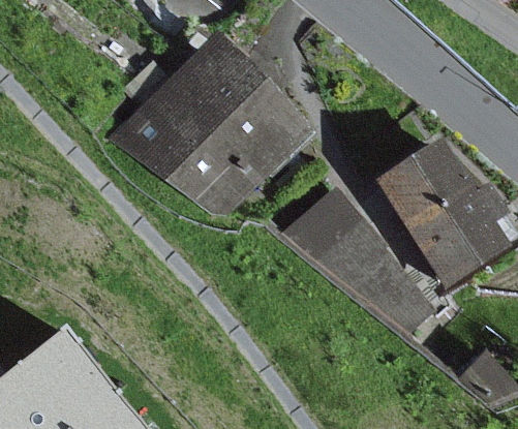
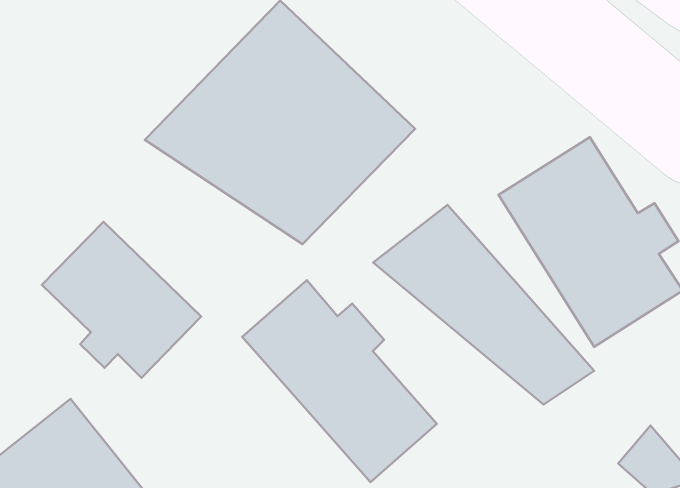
building: none -> [42,222,201,378]
building: none -> [242,280,437,482]

